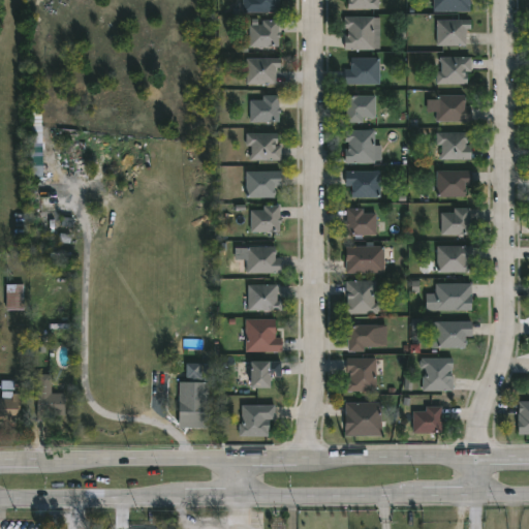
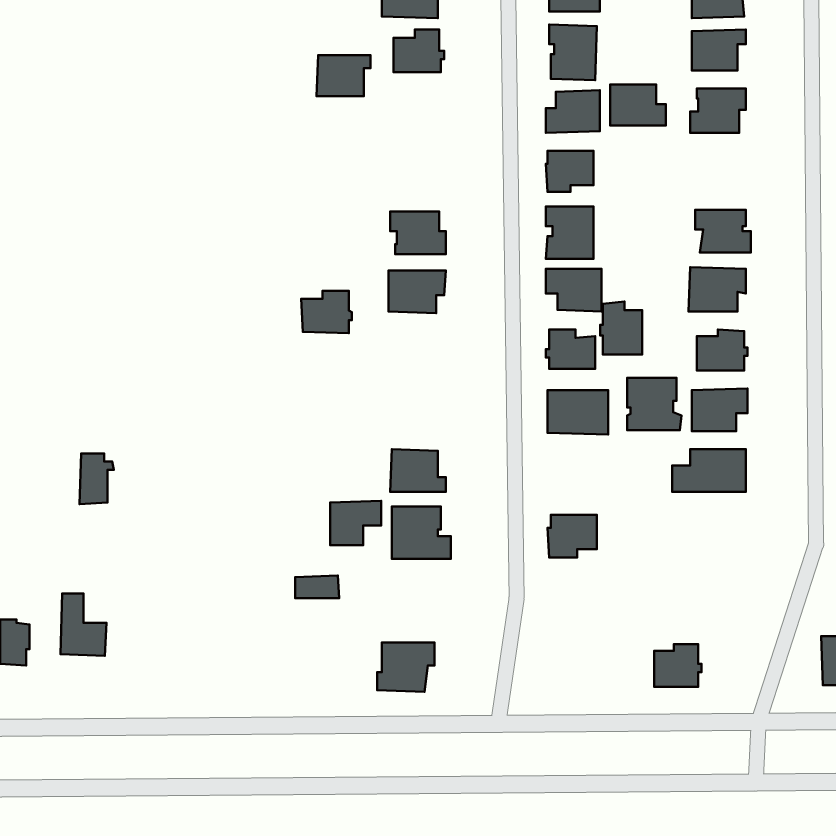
building: [246,58,280,84] -> [316,55,371,96]
building: [249,94,281,121] -> none
building: [436,94,471,120] -> [610,85,666,126]
building: none -> [600,302,642,354]
building: [250,205,282,231] -> [301,291,352,333]
building: [246,246,282,273] -> none
building: [6,279,28,311] -> [79,453,114,504]
building: [345,280,379,313] -> [627,378,681,430]
building: [431,321,471,348] -> none
building: [346,357,376,391] -> none
building: [419,357,455,391] -> none
building: [249,361,281,388] -> [330,501,381,545]
building: [181,391,212,424] -> none
building: [344,402,382,436] -> none

